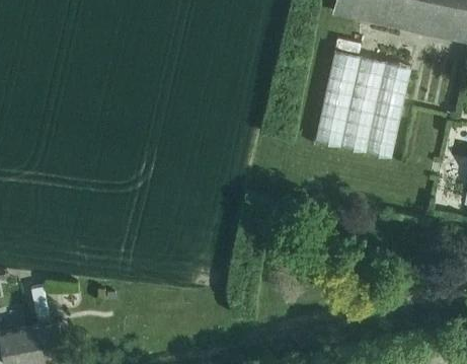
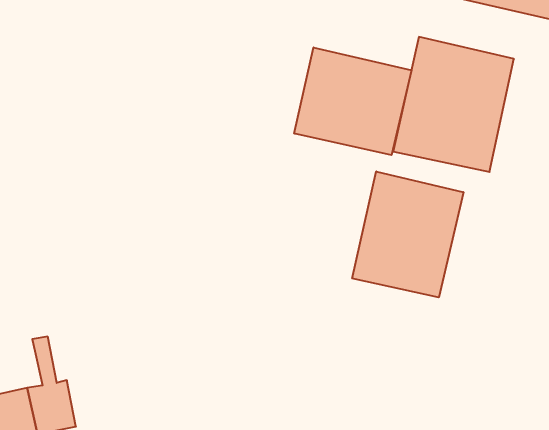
building: none -> [294,47,411,155]
building: none -> [352,171,463,297]

